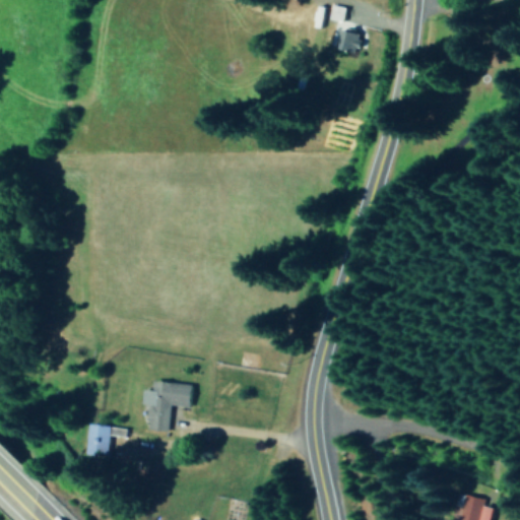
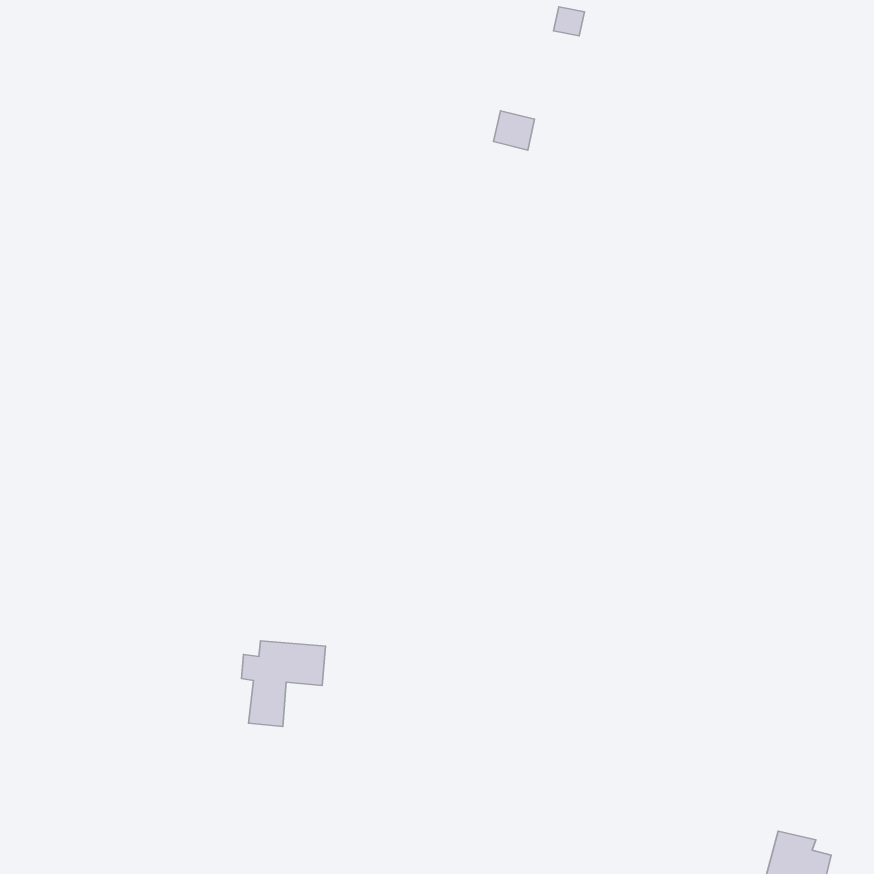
building: [337,29,362,53] -> [494,111,535,150]
building: [86,424,112,457] -> none

